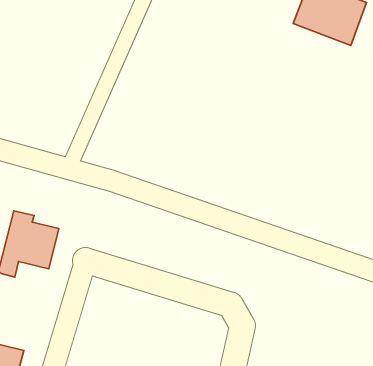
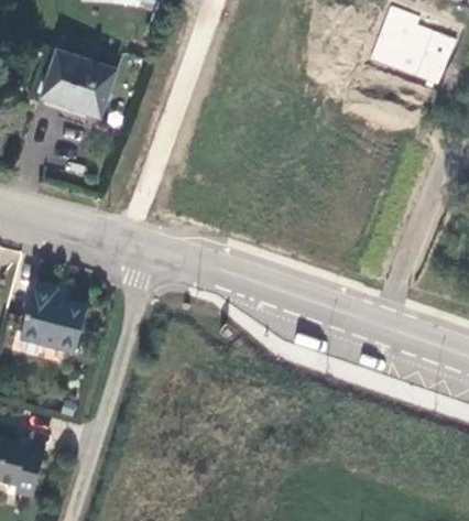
building: none -> [41,51,116,119]

